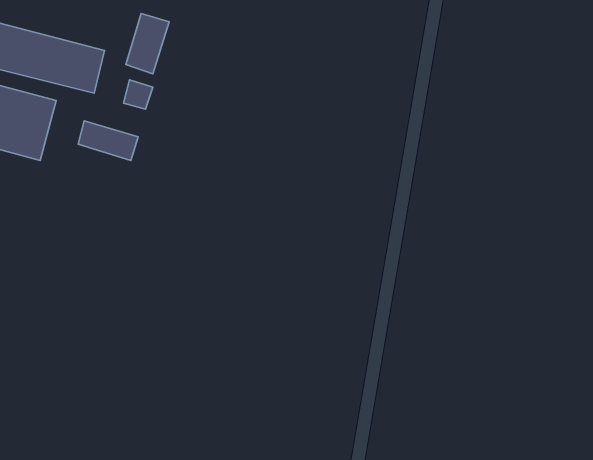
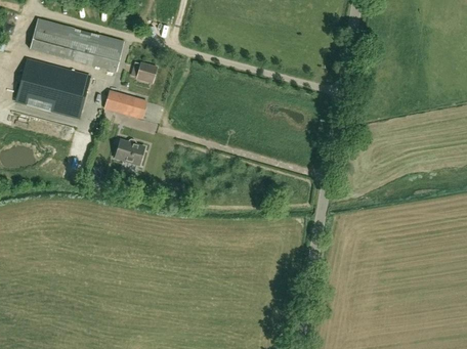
building: [126,13,169,74] -> none
building: none -> [115,139,144,165]

